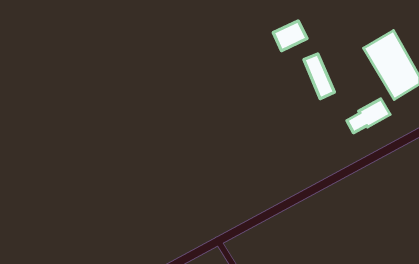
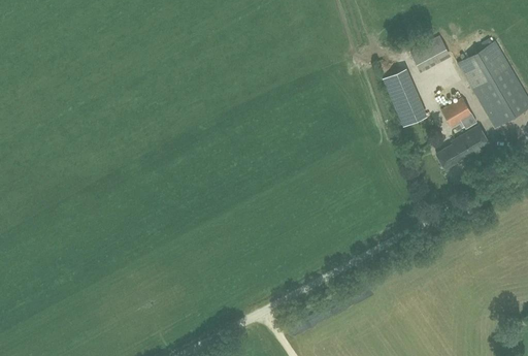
building: [273,21,307,51] -> [412,36,455,73]
building: none -> [441,97,473,127]

